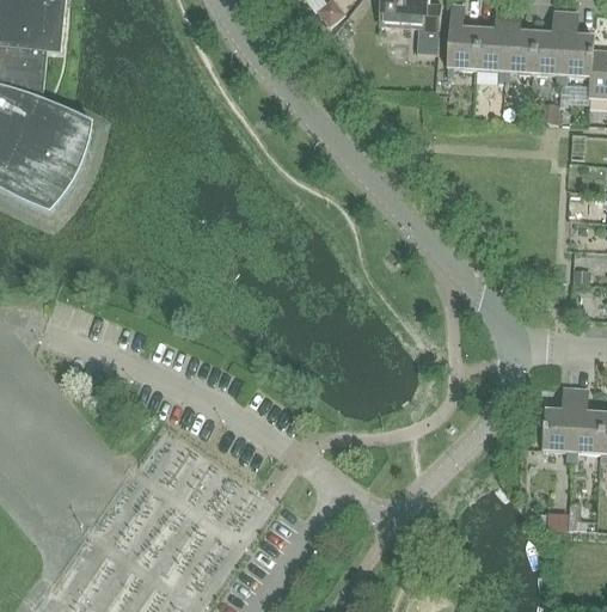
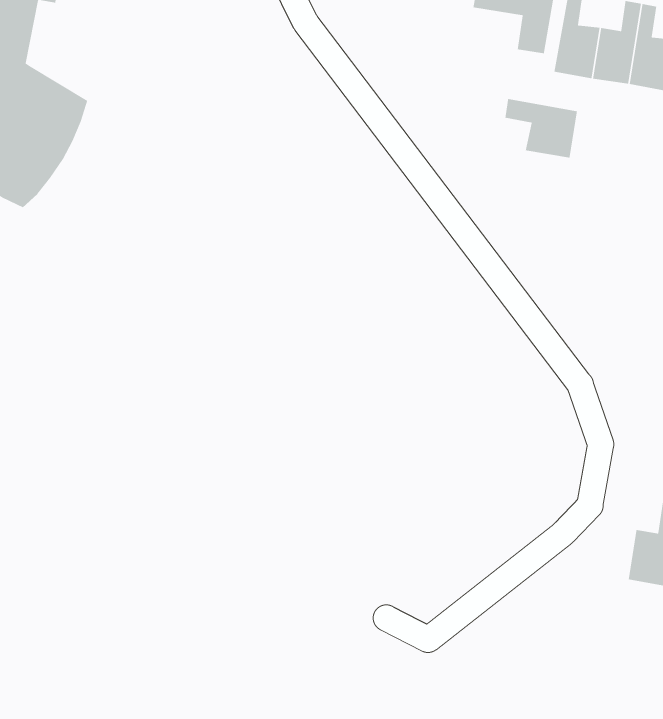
building: none -> [504,98,578,159]

